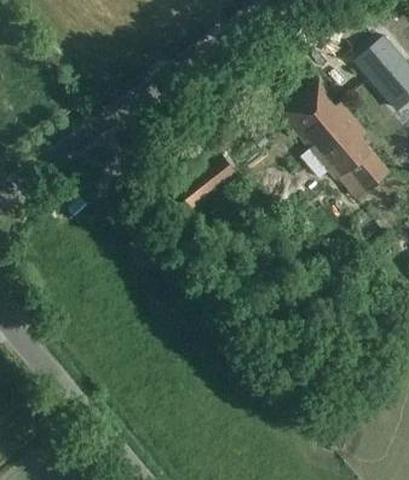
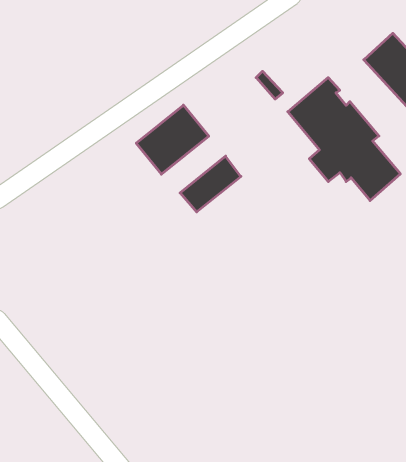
building: none -> [136,105,209,174]

